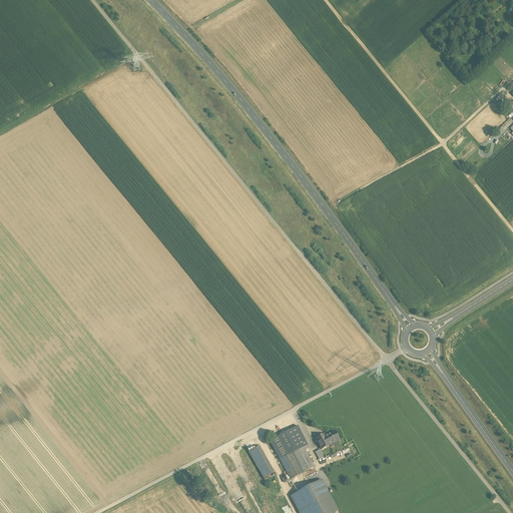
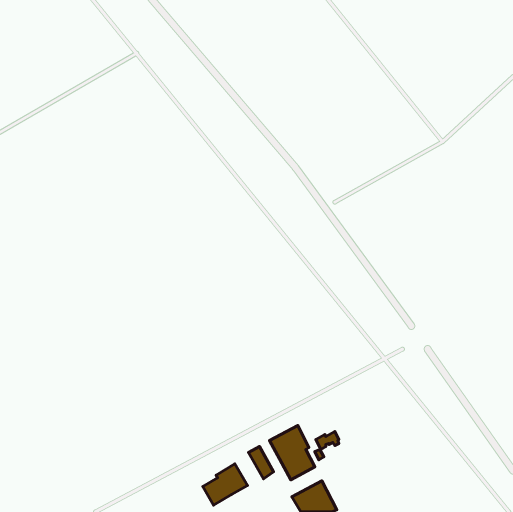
building: none -> [203,464,248,505]

